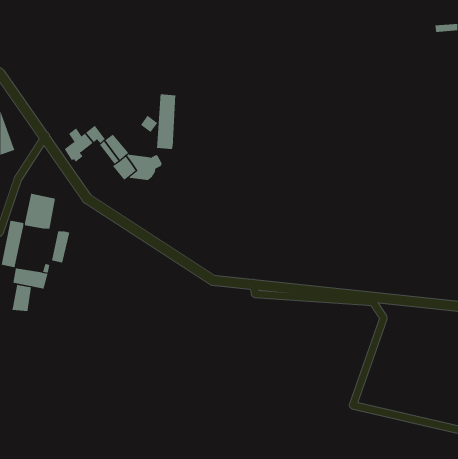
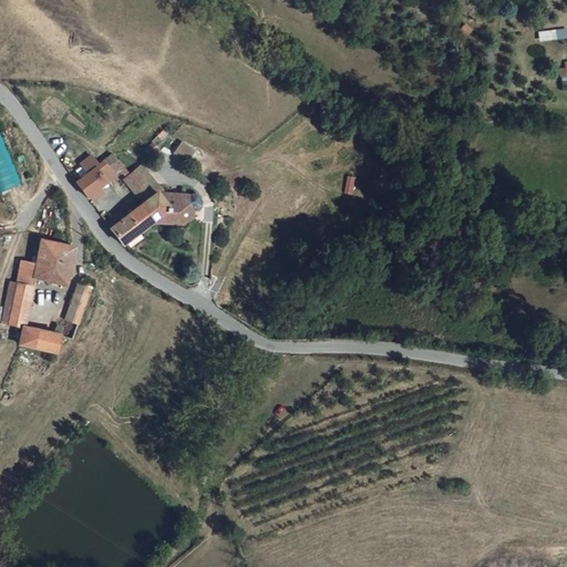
building: [156,93,176,150] -> none
building: none -> [105,205,153,245]
building: [12,284,31,312] -> none

